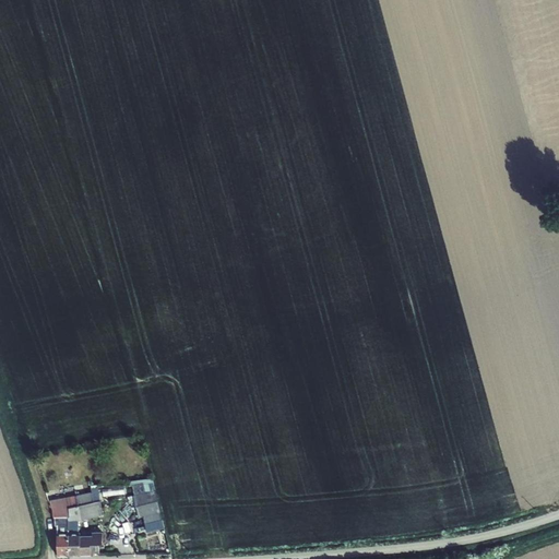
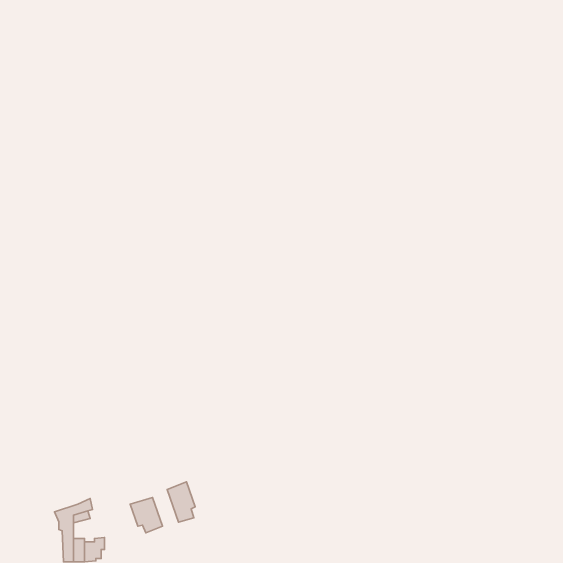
building: none -> [167,482,195,522]

